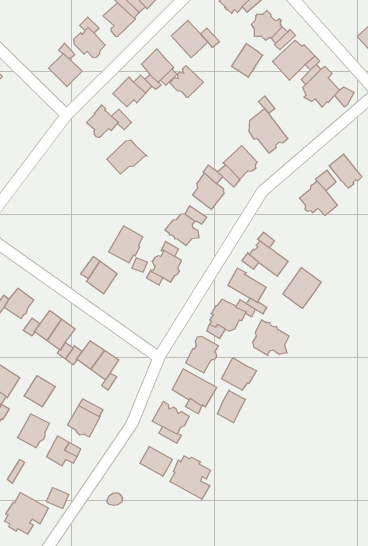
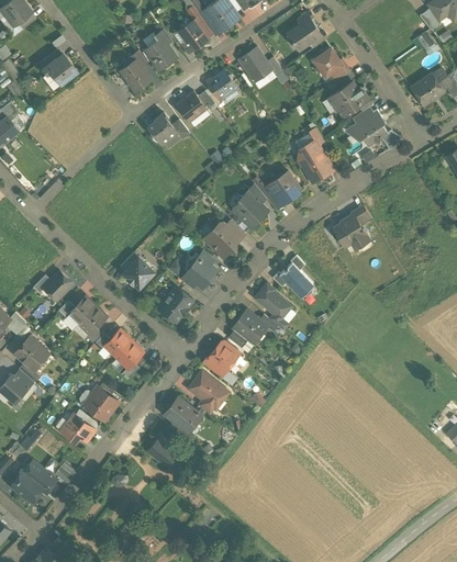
building: [232,44,263,77] -> none
building: [170,66,203,97] -> none
building: [107,140,147,174] -> none
building: [329,154,362,188] -> none
building: [108,226,143,263] -> [158,286,192,322]
building: [283,268,321,308] -> none
building: [253,320,289,356] -> none
building: [221,358,257,390] -> none
building: [24,376,55,407] -> none
building: [217,390,246,423] -> none
building: [17,414,49,448] -> none
building: [170,456,210,499] -> none

